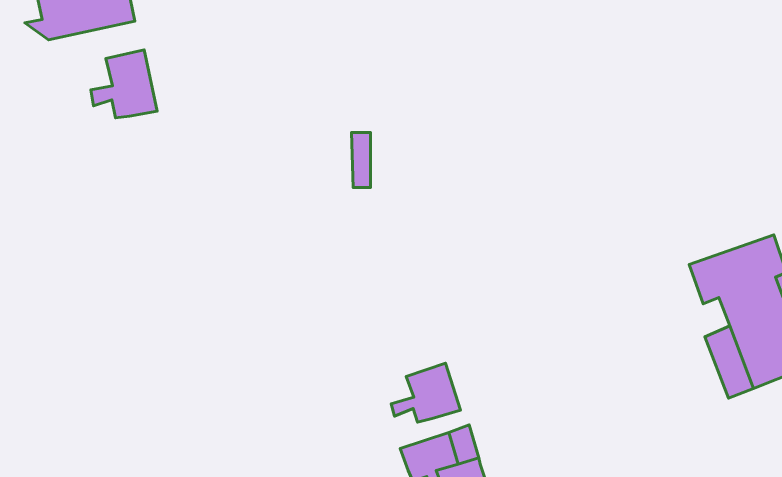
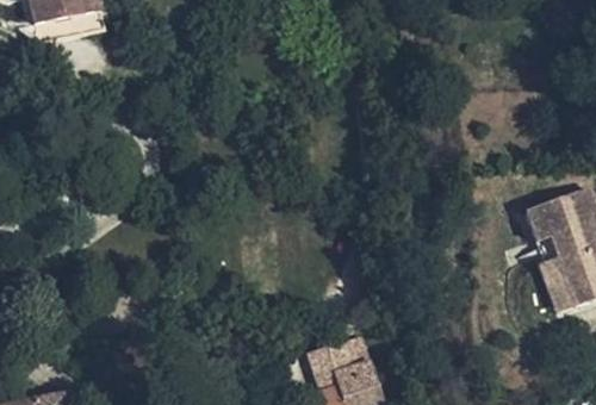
building: [91,50,157,118] -> none
building: [391,363,461,422] -> none

